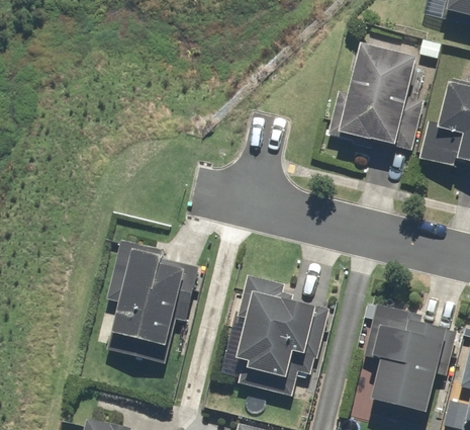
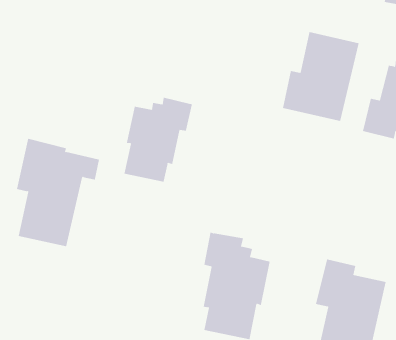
building: none -> [124,97,193,183]
building: [107,239,202,362] -> [16,138,100,247]

